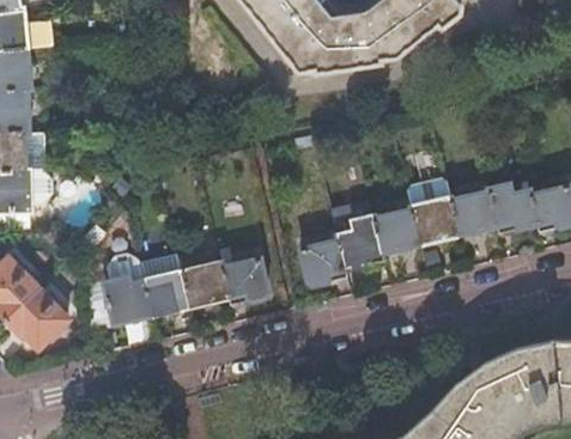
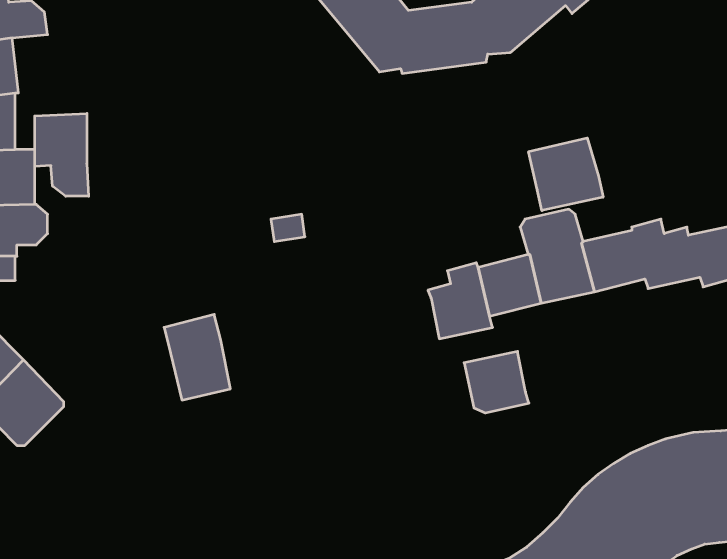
building: none -> [35,113,89,196]
building: none -> [529,138,603,211]
building: [300,239,348,285] -> [464,351,529,413]
building: [184,257,269,306] -> none
building: [105,275,156,323] -> none

